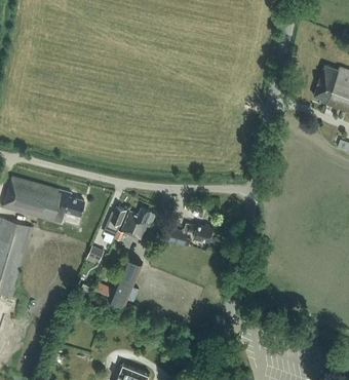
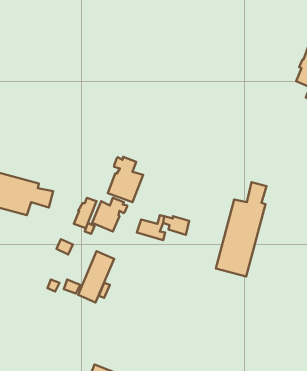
building: none -> [108,157,143,202]
building: none -> [216,182,267,277]

